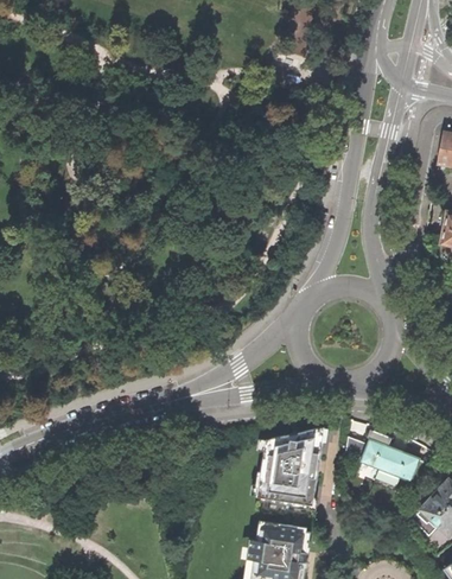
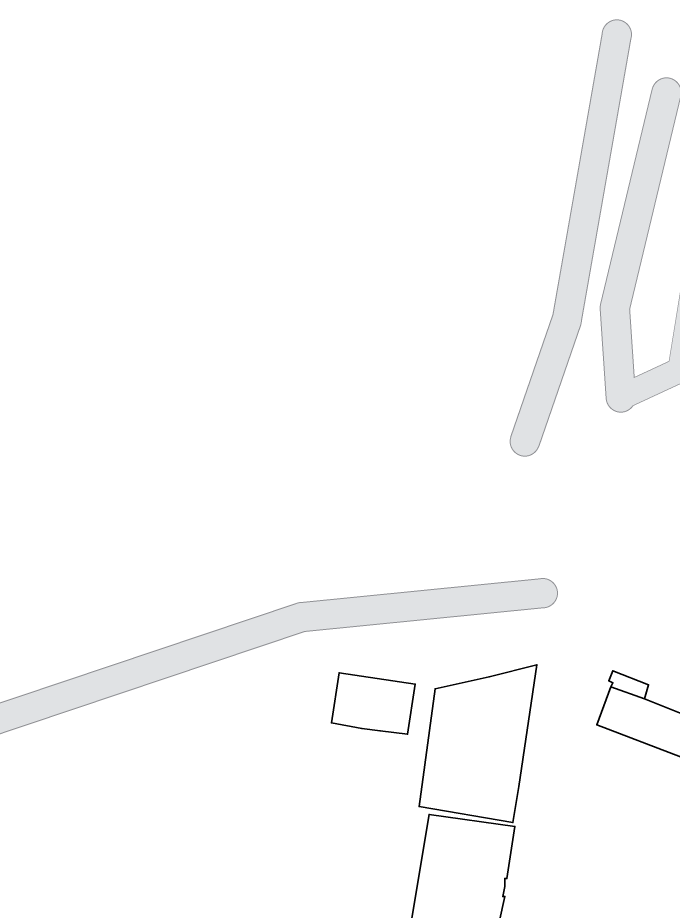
building: none -> [331,673,415,734]

